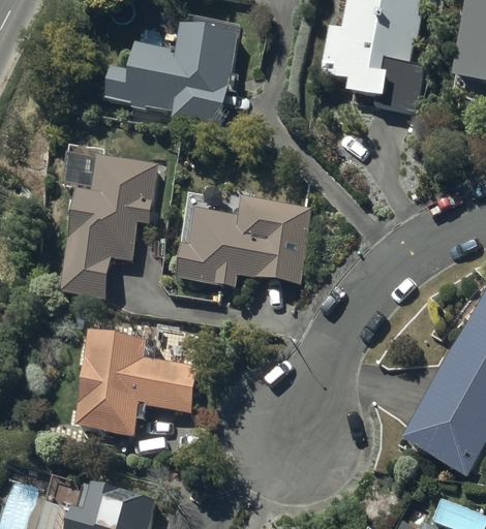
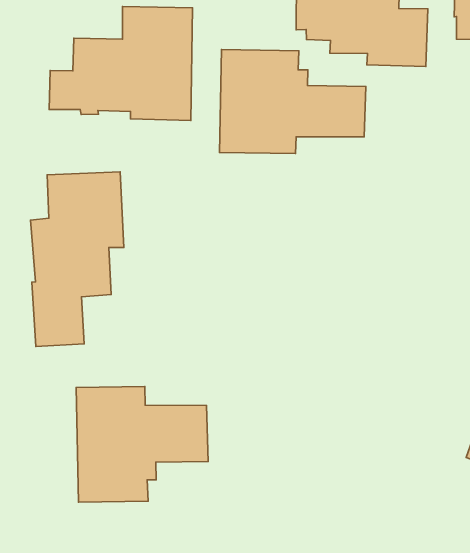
building: none -> [219,49,366,154]
building: [177,195,309,285] -> none

